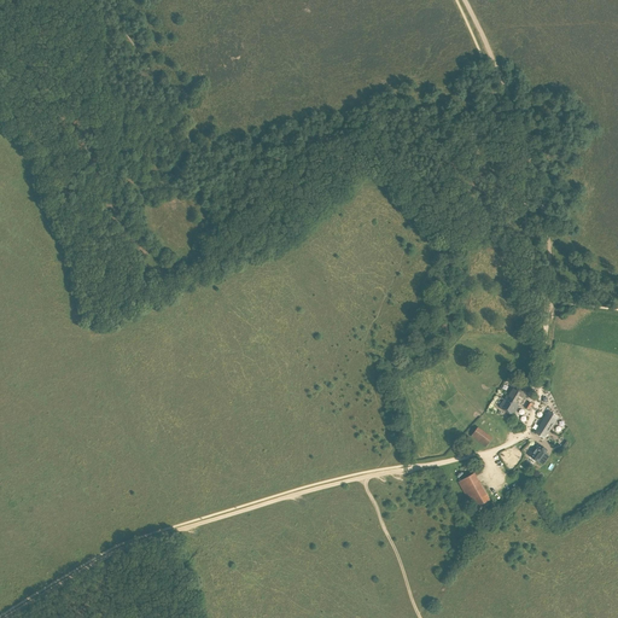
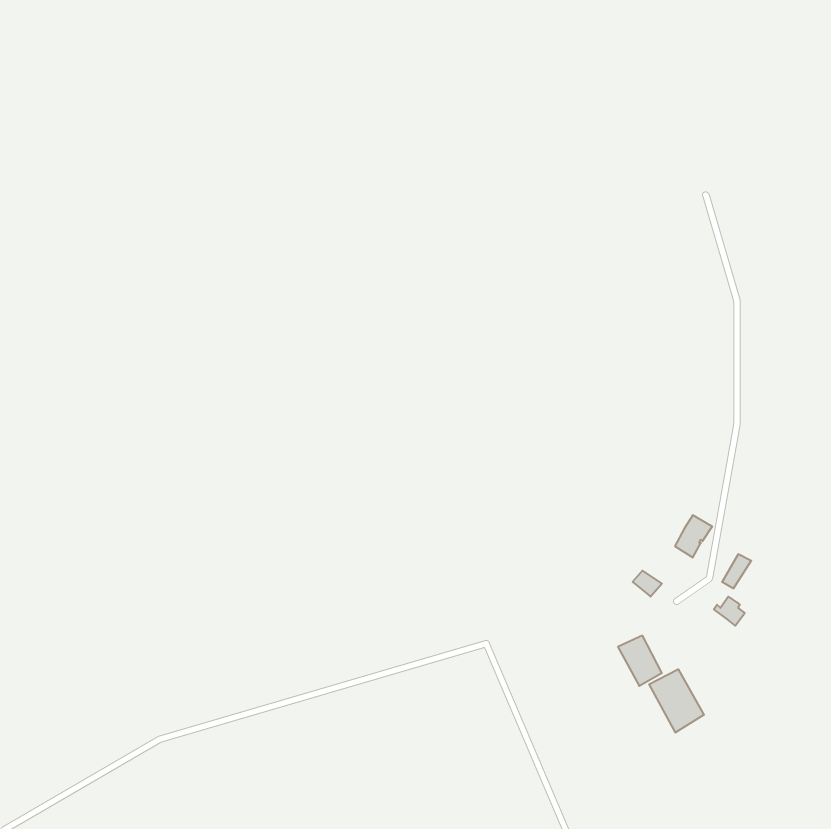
building: none -> [649,669,704,733]

